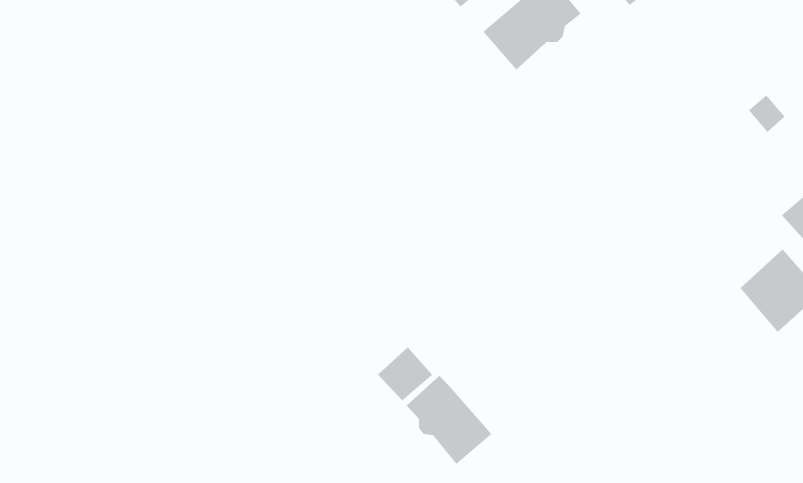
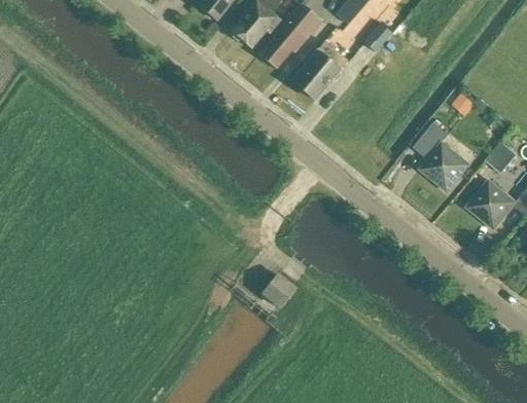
building: none -> [416,122,471,192]
building: [406,375,492,465] -> none

